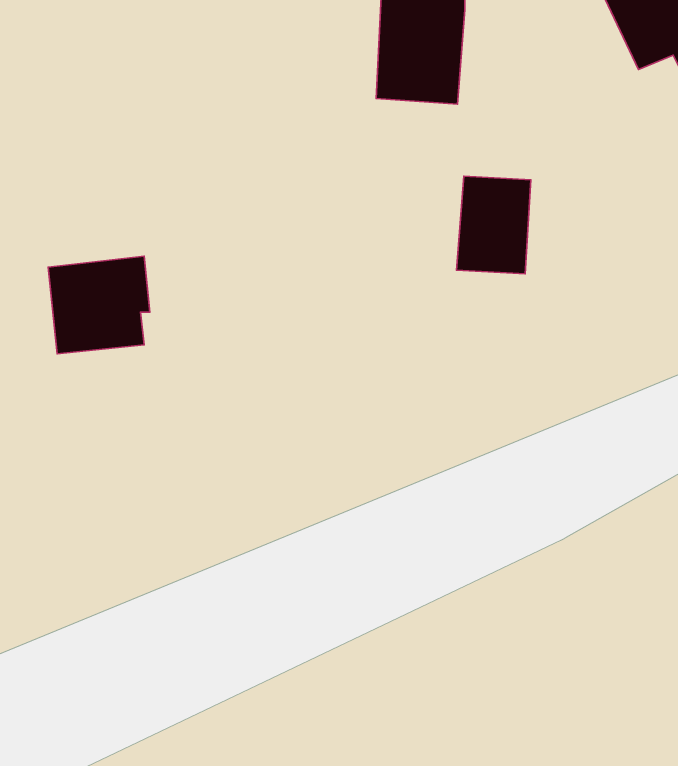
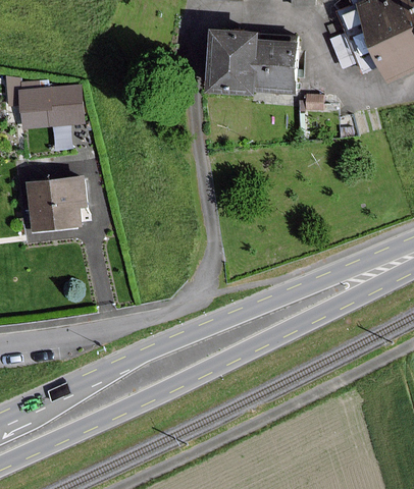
building: none -> [15,87,81,128]
building: [456,176,531,274] -> [259,37,301,92]

